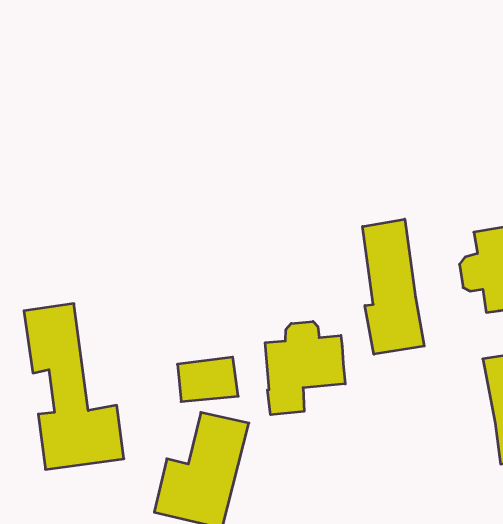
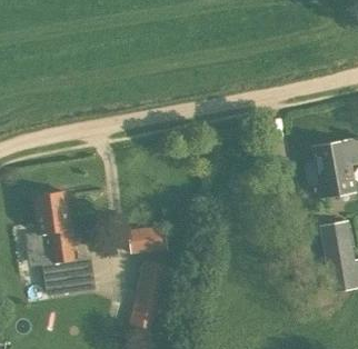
building: [363,219,424,354] -> none
building: [265,321,345,415] -> none

